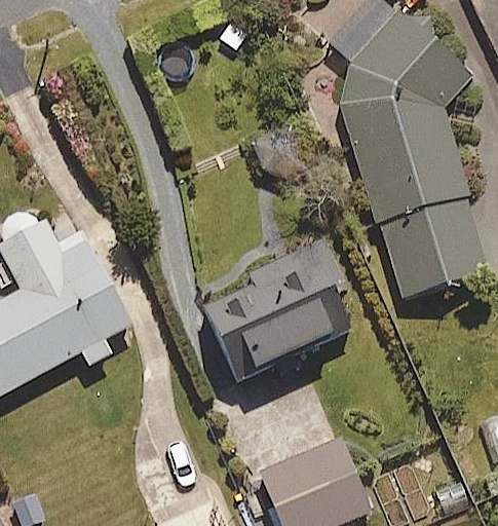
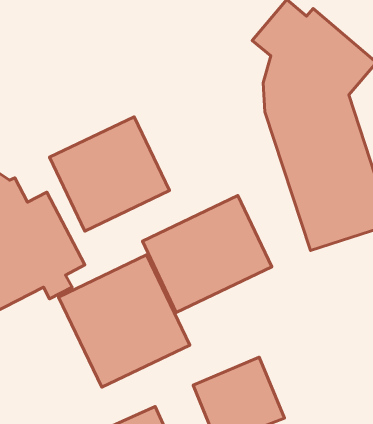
building: none -> [50,117,169,231]
building: none -> [58,255,190,387]

